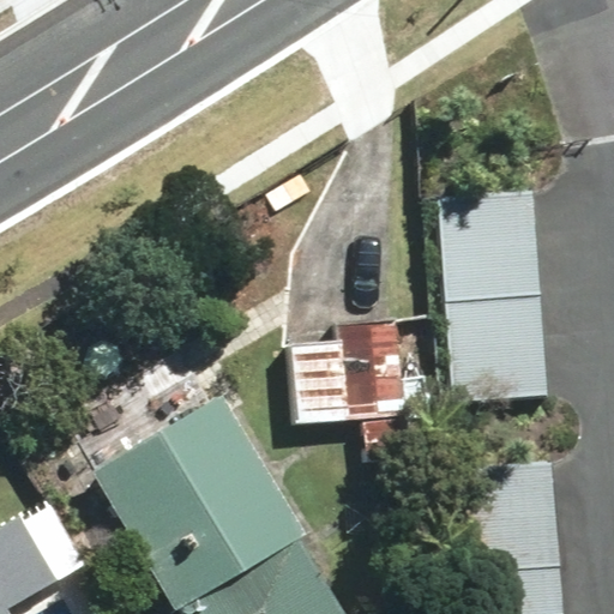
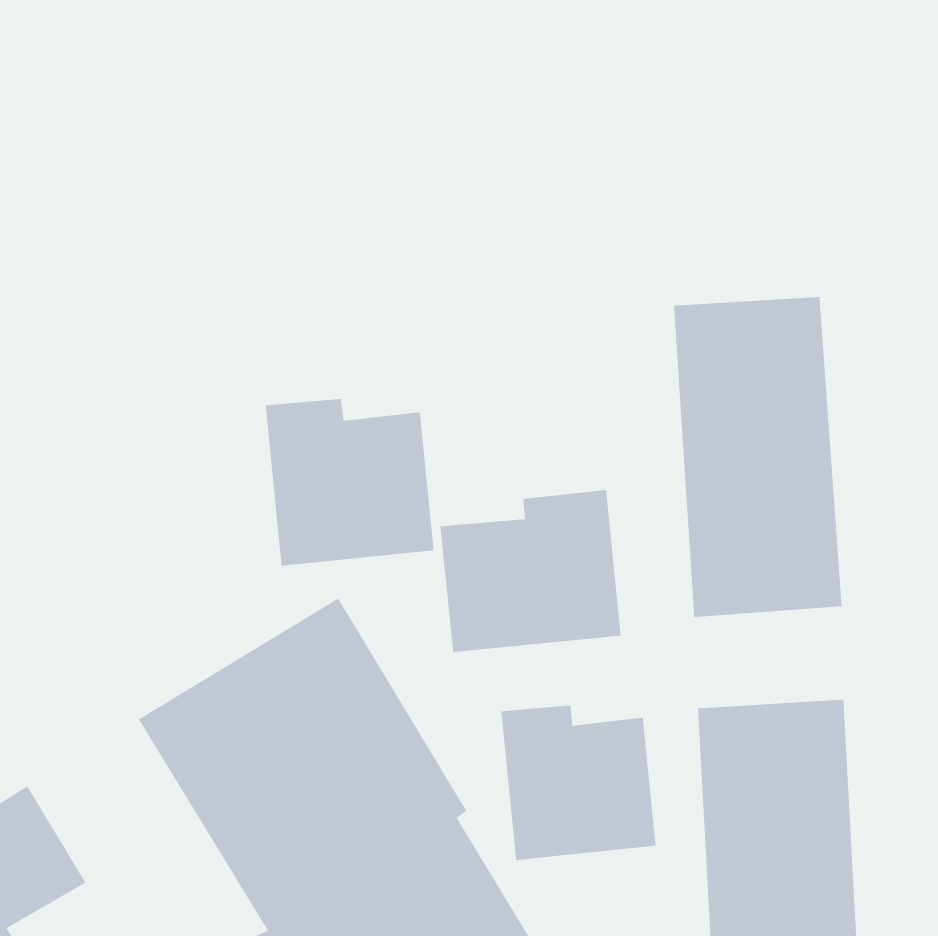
building: none -> [265,398,434,567]
building: none -> [500,704,656,861]

